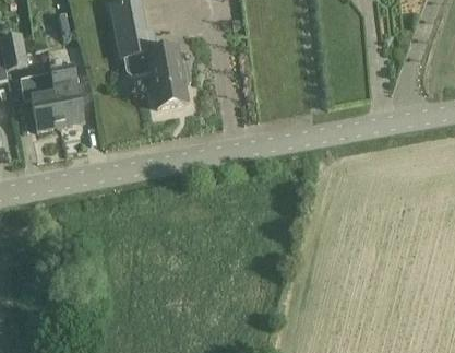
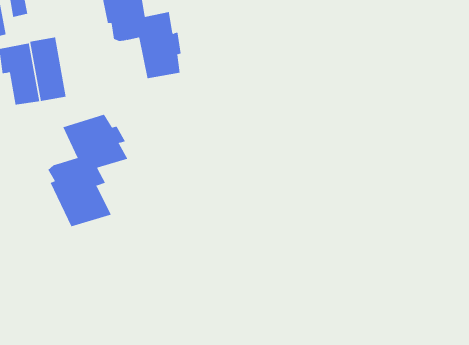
building: none -> [48,114,128,227]

